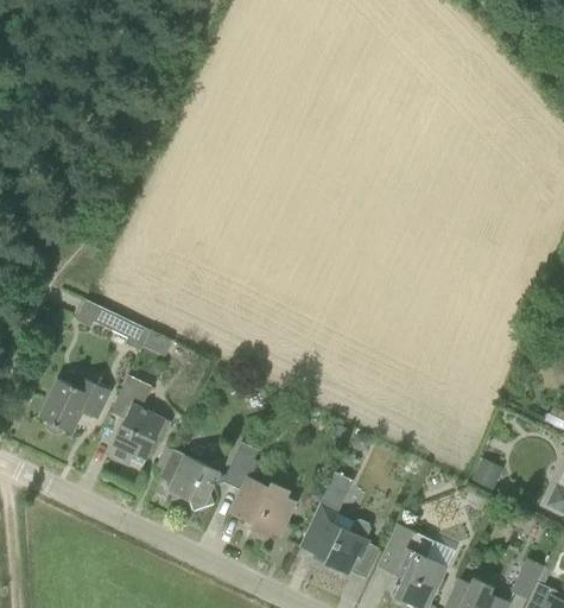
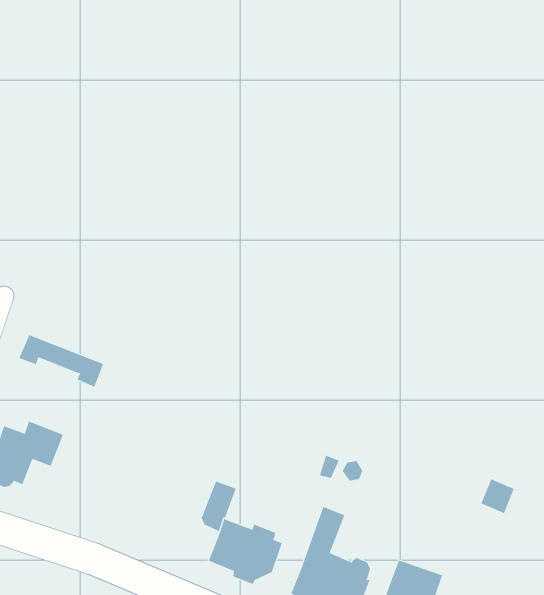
building: [108,376,171,467] -> none
building: [159,450,223,512] -> none

